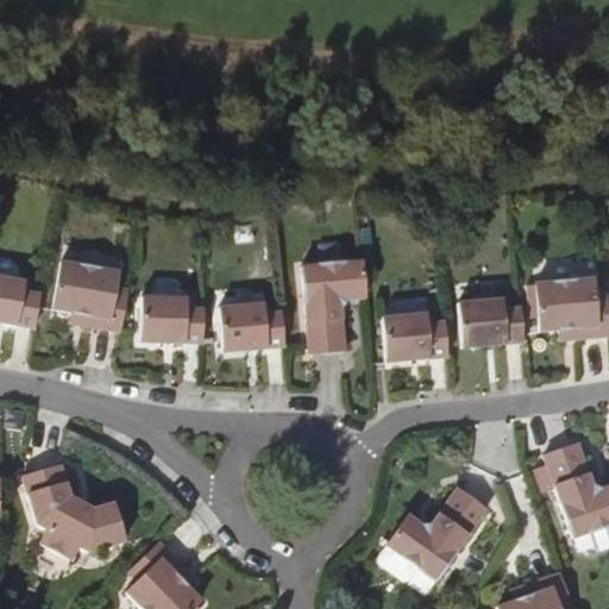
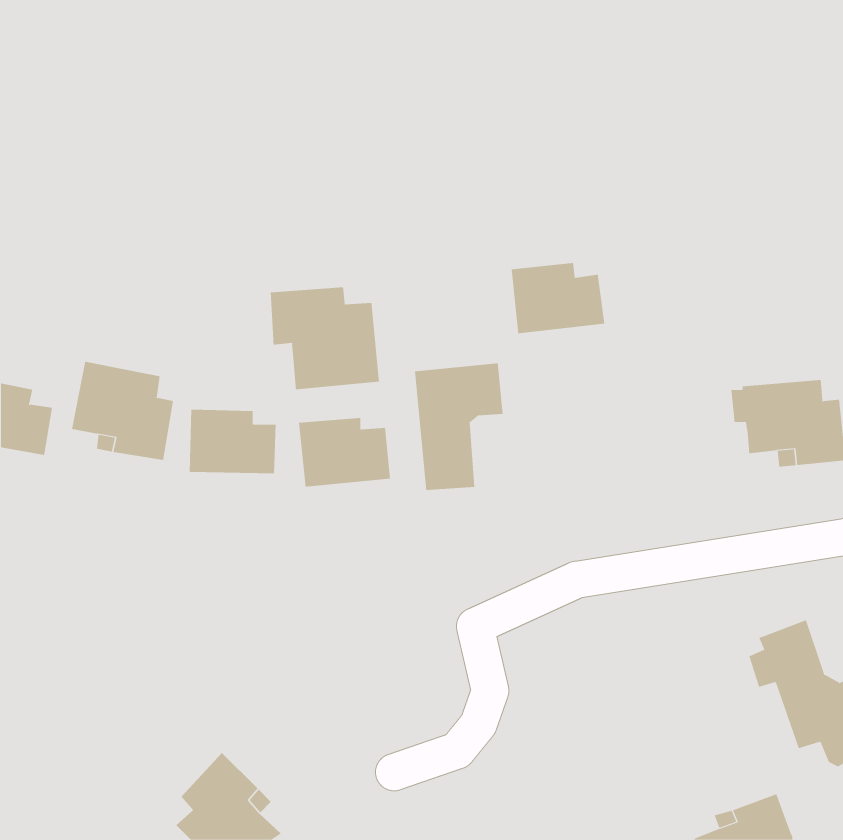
building: none -> [270,287,379,390]
building: [459,296,525,346] -> none
building: [381,312,448,363] -> [511,262,605,334]
building: [32,463,132,558] -> none
building: [377,485,486,578] -> none

